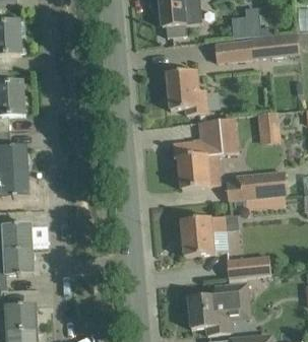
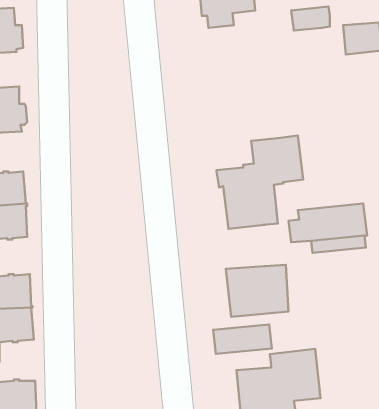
building: [214,40,254,61] -> none
building: [165,69,208,114] -> none
building: [256,111,280,138] -> none
building: [226,256,270,278] -> [213,324,272,354]

